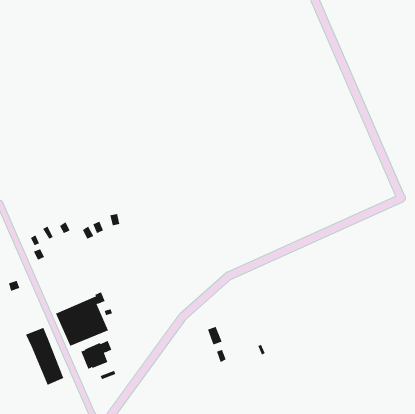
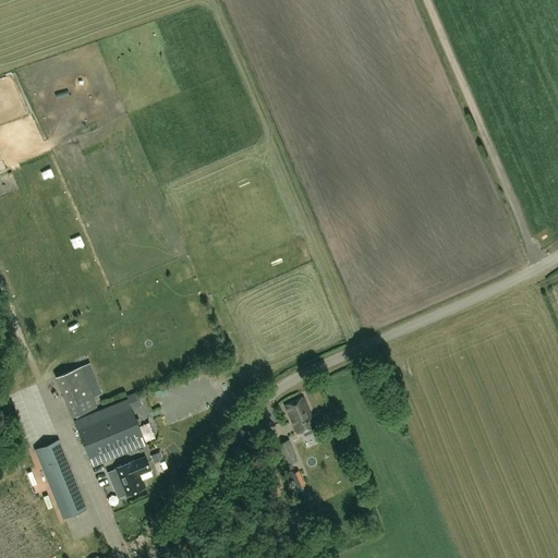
building: none -> [56,367,96,415]
building: none -> [284,398,315,434]

